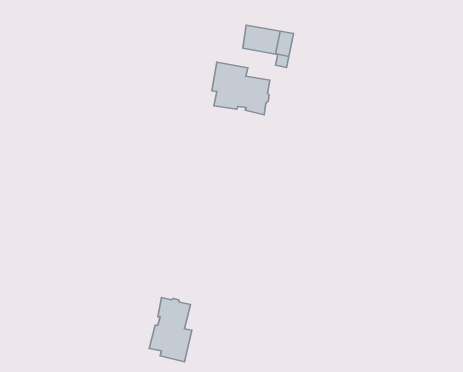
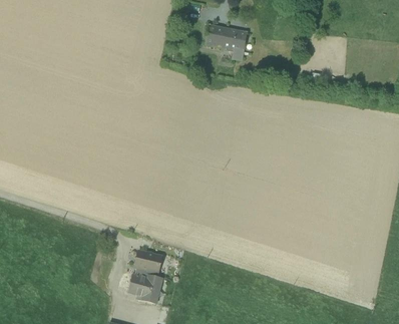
building: [212,62,270,115] -> none

